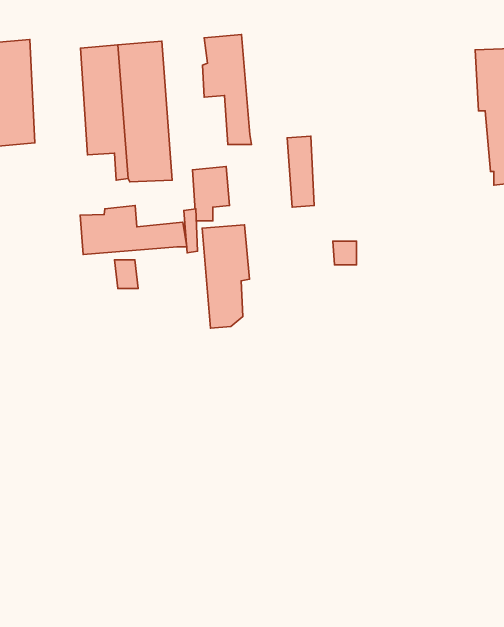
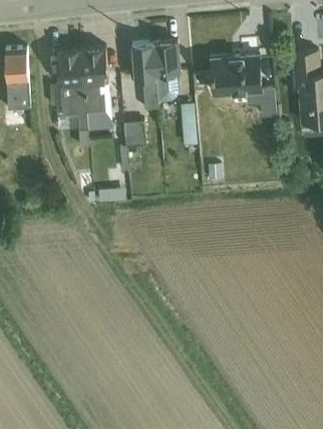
building: none -> [209,52,276,116]
building: [80,205,187,254] -> none
building: [202,225,250,328] -> [152,40,181,101]

